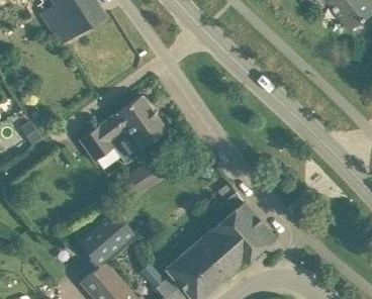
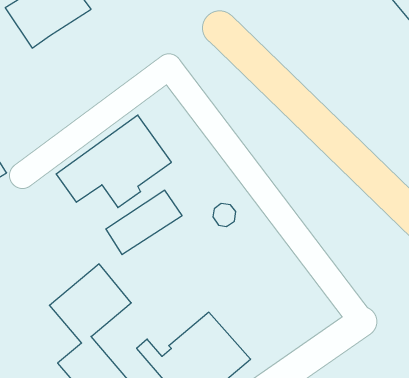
building: [194,183,274,279] -> none

